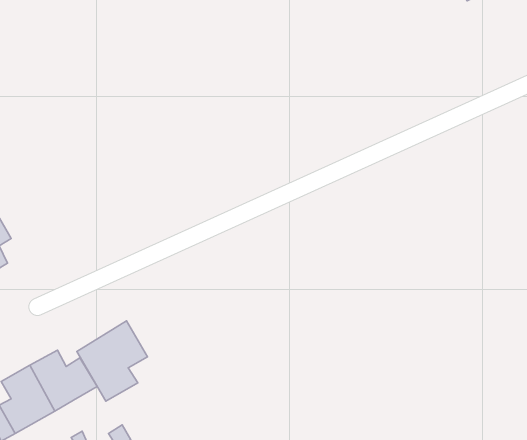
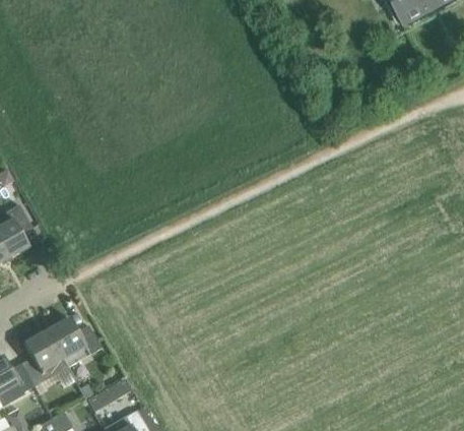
building: [77,321,148,401] -> none

